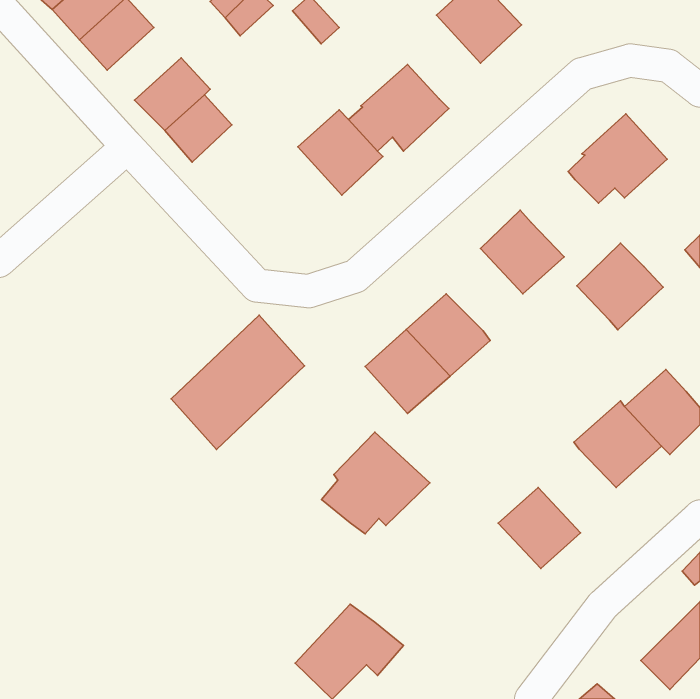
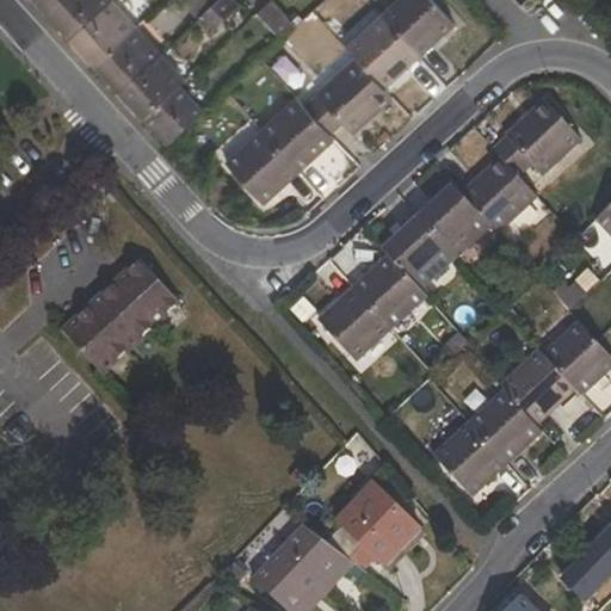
building: none -> [345,13,418,86]
building: none -> [93,24,158,87]
building: none -> [224,128,297,202]
building: [577,243,663,330] -> [462,156,537,232]
building: none -> [382,216,455,288]
building: [171,315,304,450] -> [62,257,178,374]
building: [321,432,430,534] -> [326,482,420,570]
building: none -> [468,390,542,463]

